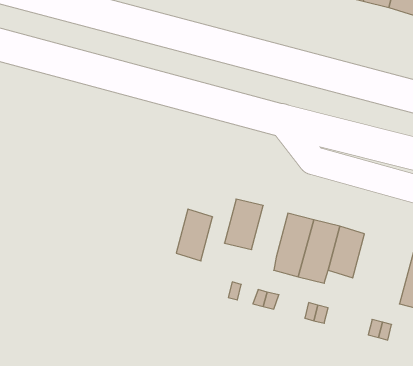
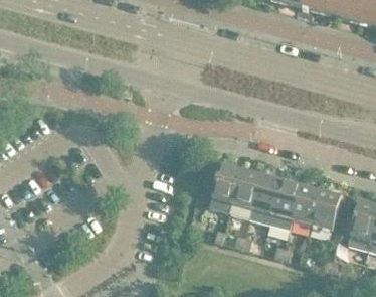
building: [176,209,213,261] -> [231,169,259,209]
building: none -> [310,191,340,231]

